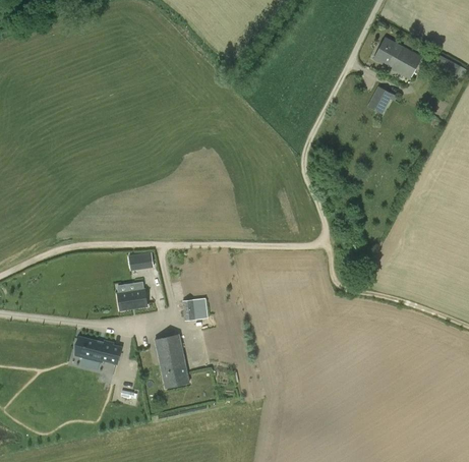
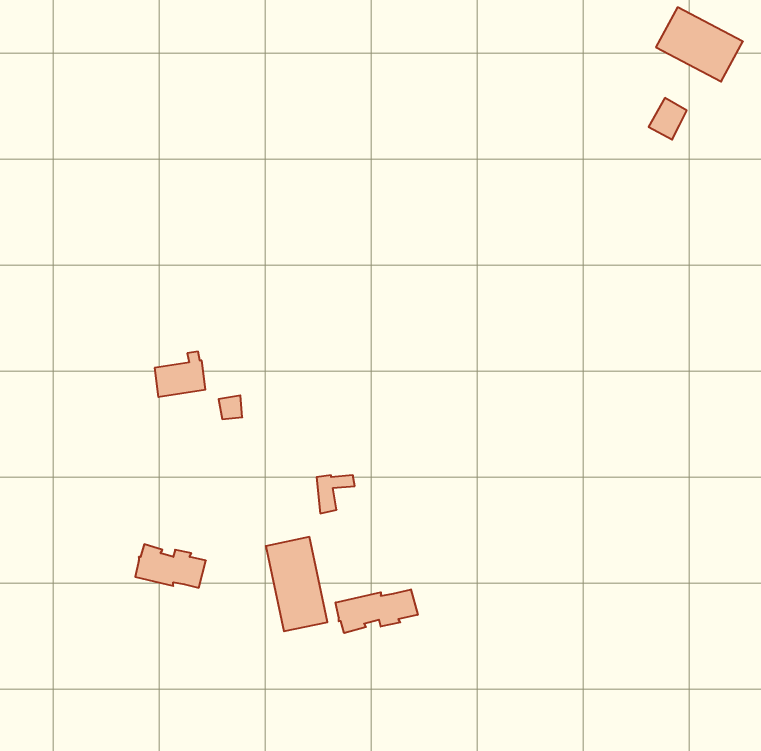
building: [118,284,146,309] -> [155,352,205,397]
building: none -> [336,589,418,633]

